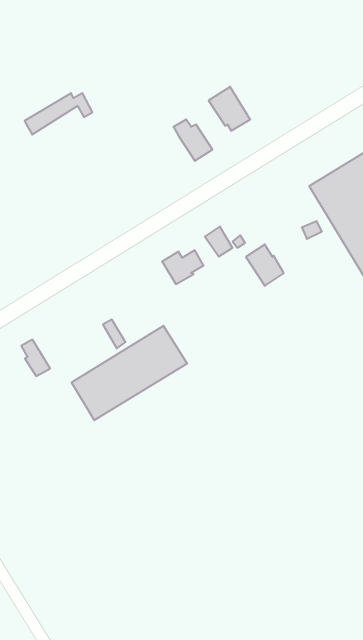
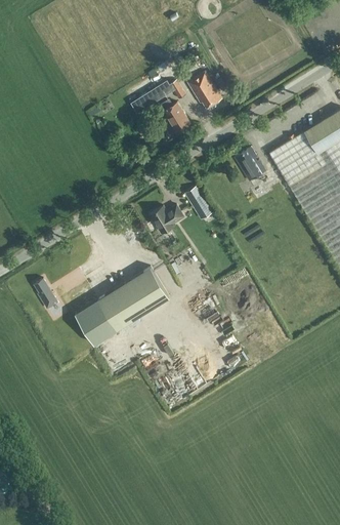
building: [25,93,92,135] -> [130,79,185,113]
building: [246,244,284,286] -> [235,147,265,180]

